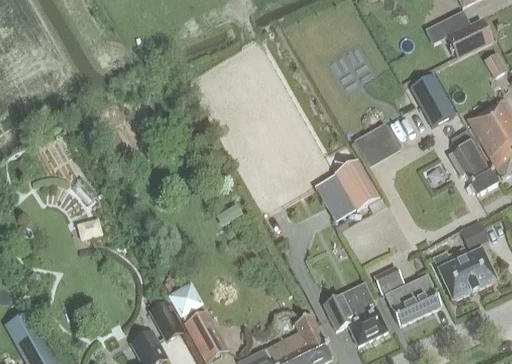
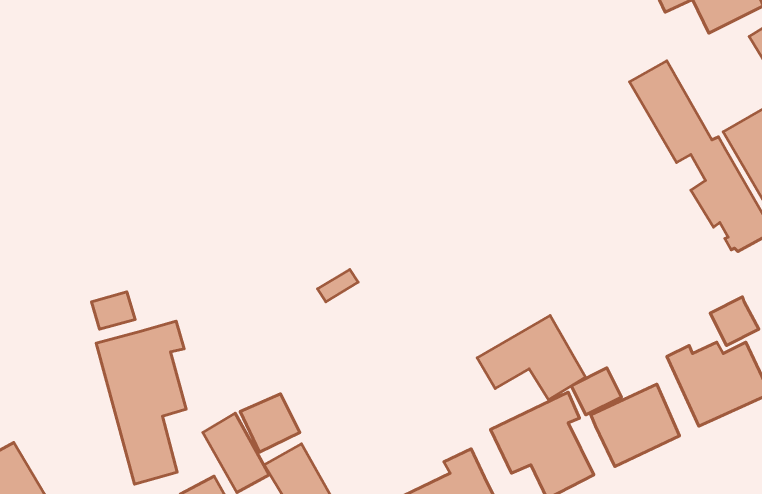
building: [354,121,400,163] -> none
building: [313,159,380,211] -> [477,316,586,400]
building: none -> [96,321,186,484]

